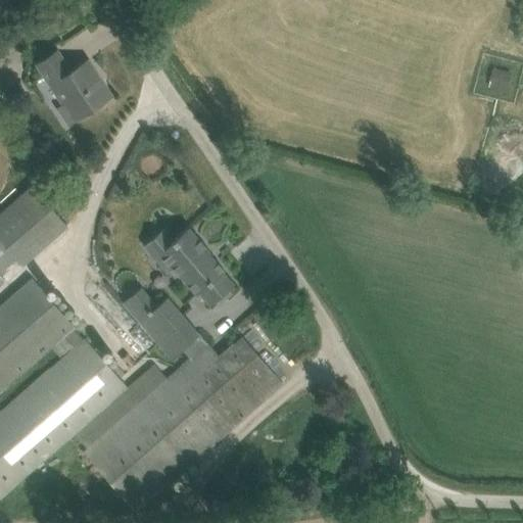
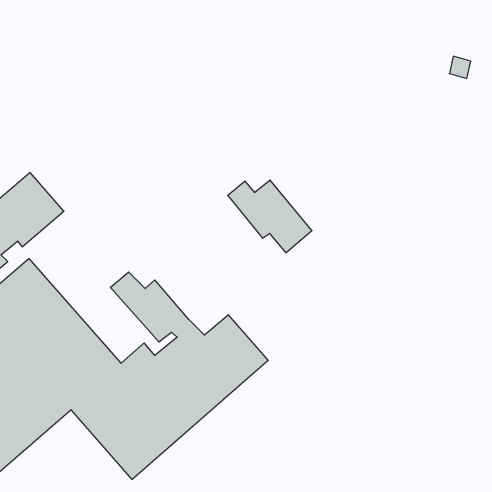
building: [36,48,111,126] -> none
building: [144,228,233,304] -> [228,180,312,253]

